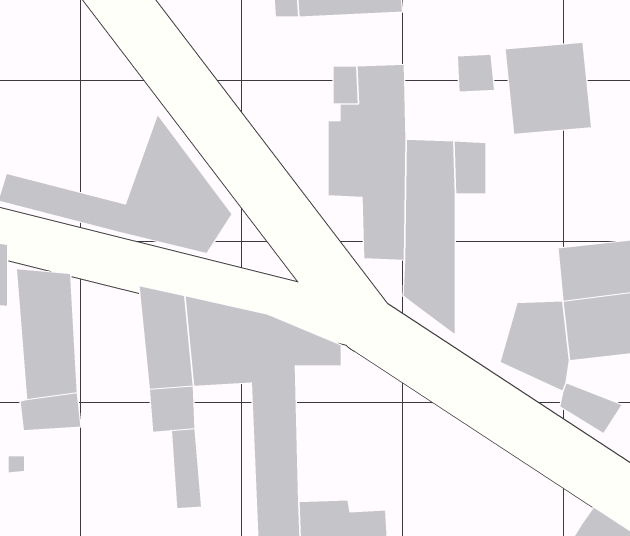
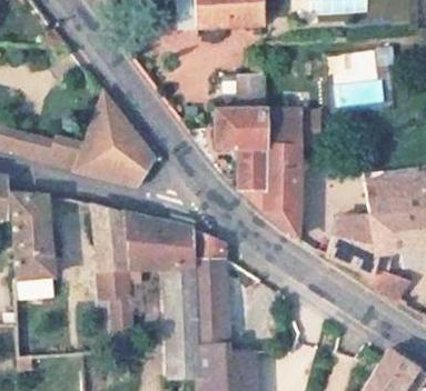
building: none -> [195,257,229,345]

